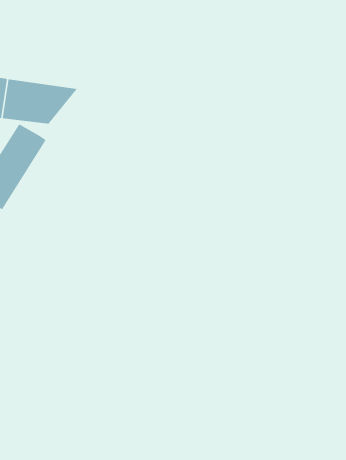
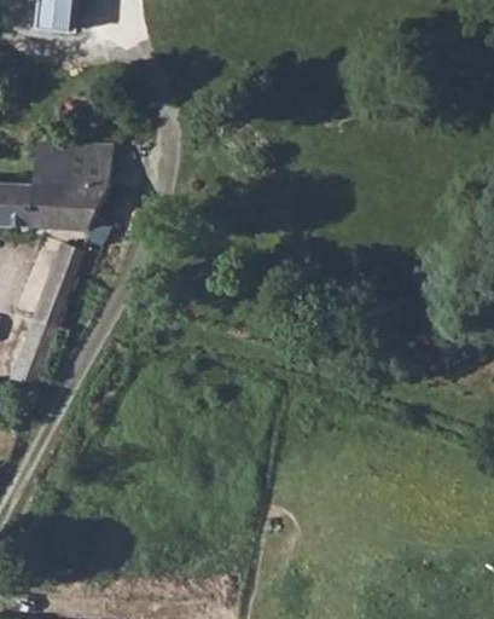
building: none -> [34,146,116,187]

